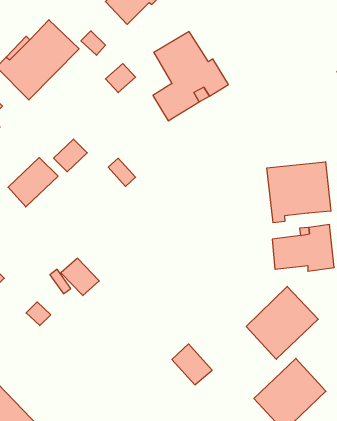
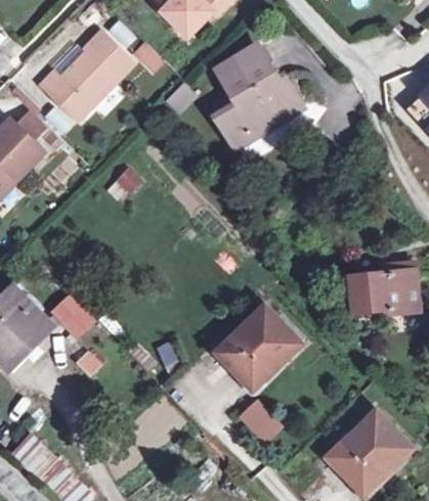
building: [8,158,58,207] -> none
building: [267,162,331,223] -> none
building: [61,258,99,296] -> [50,295,93,337]
building: [246,286,318,359] -> [218,308,299,390]

